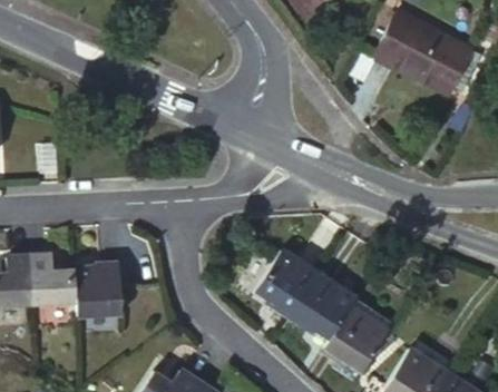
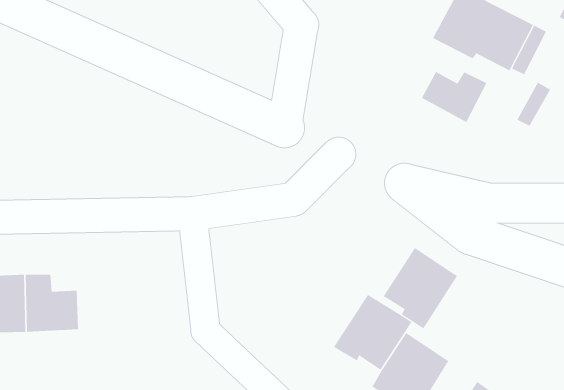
building: none -> [421,71,487,123]
building: [256,248,320,317] -> [383,247,458,329]
building: [75,262,121,312] -> none

